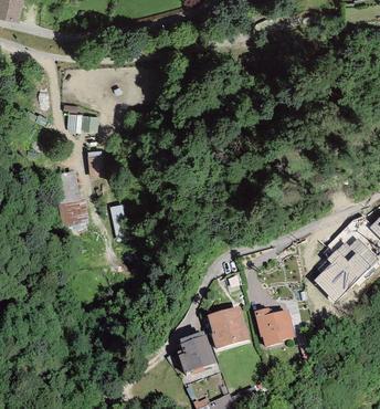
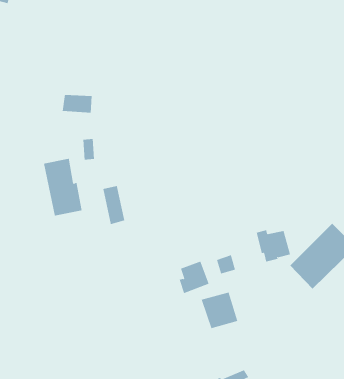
building: [256,312,292,345] -> [256,229,291,262]
building: [181,339,212,373] -> [179,261,210,294]

